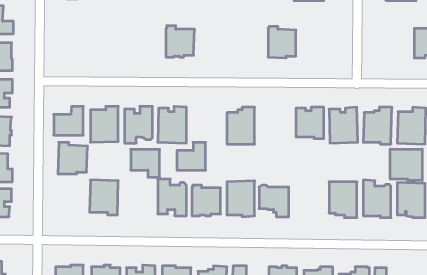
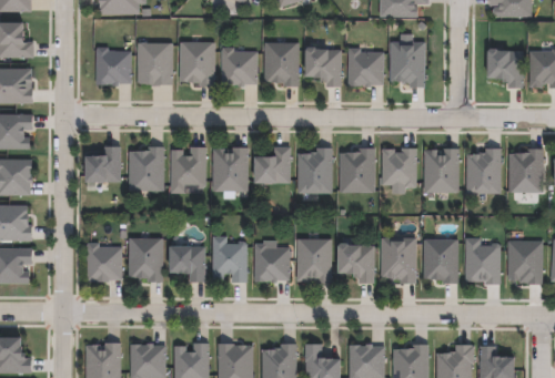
building: none -> [391,33,425,86]
building: none -> [138,42,172,83]
building: none -> [180,42,214,85]
building: none -> [264,42,299,85]
building: none -> [95,47,131,85]
building: none -> [304,47,342,86]
building: none -> [487,48,523,88]
building: none -> [340,147,375,191]
building: [177,142,206,170] -> [254,147,290,182]
building: [58,142,88,174] -> [85,243,122,282]
building: [390,149,422,181] -> none
building: [131,149,160,177] -> [169,247,204,282]
building: none -> [381,237,416,284]

